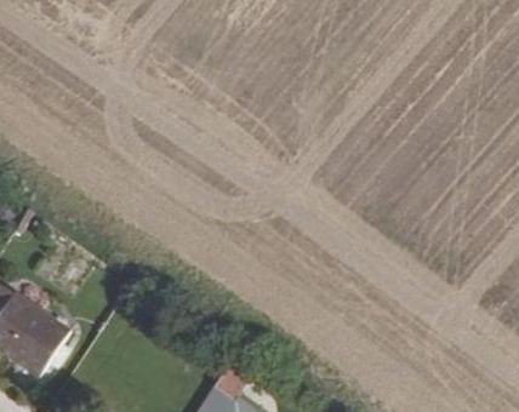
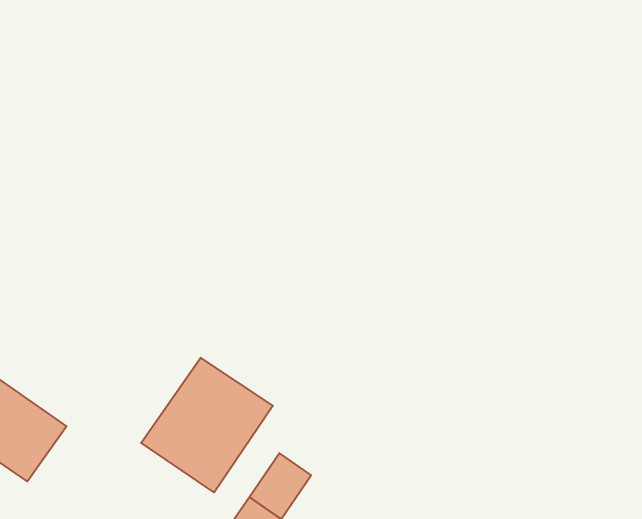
building: none -> [141,358,273,492]

